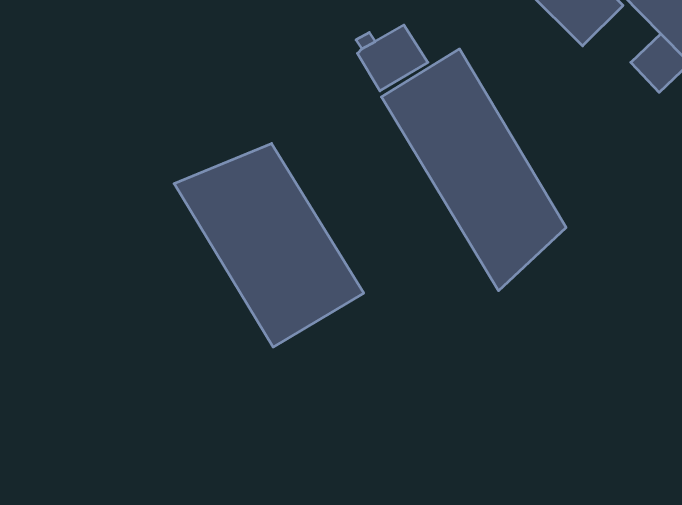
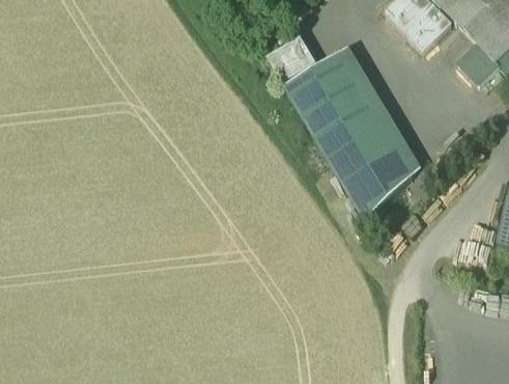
building: [174,143,364,347] -> none

